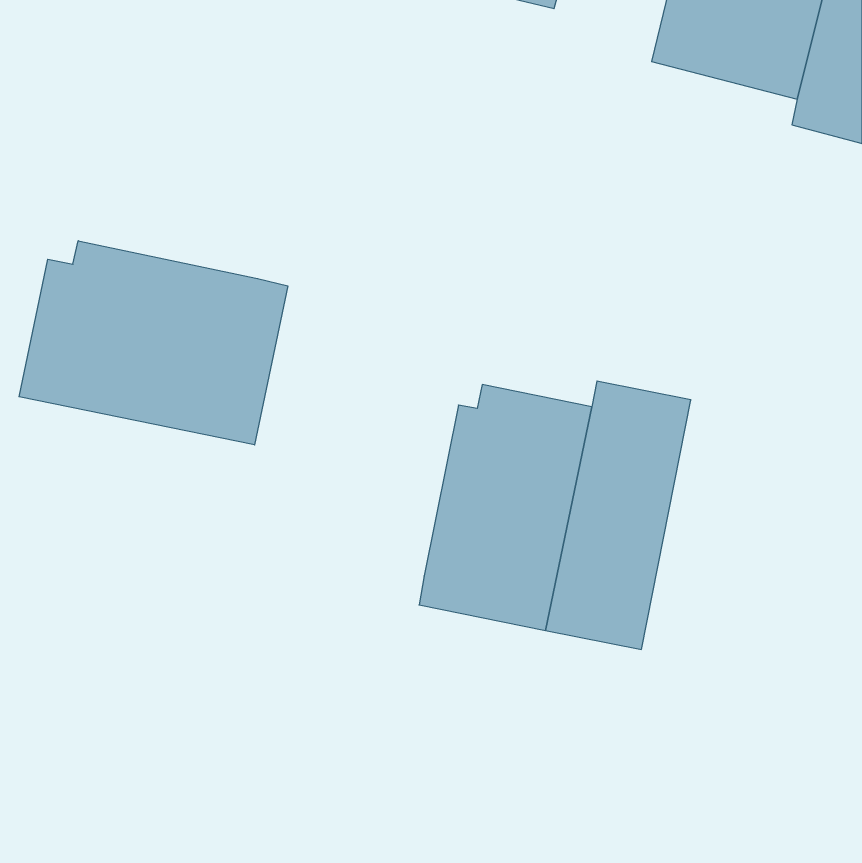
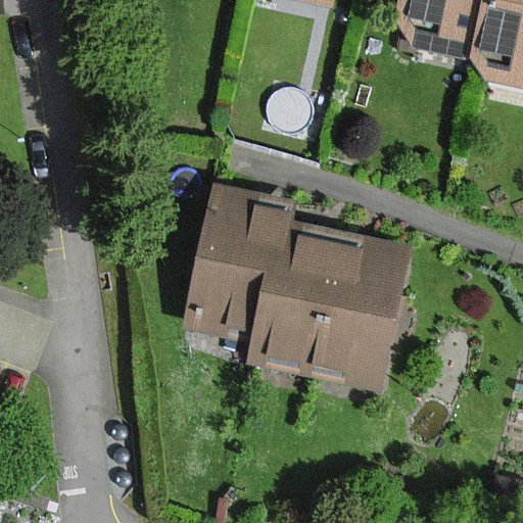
building: [19,241,288,445] -> none
building: none -> [186,182,294,344]

